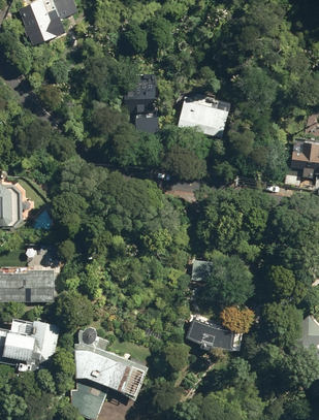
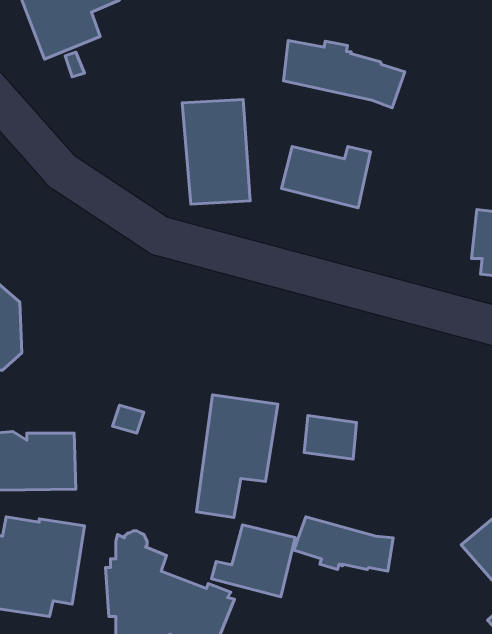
building: none -> [284,41,405,108]
building: none -> [197,395,278,517]
building: none -> [212,525,295,597]

